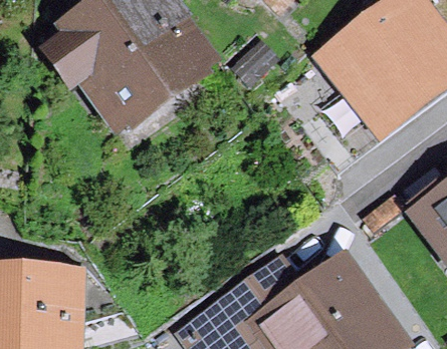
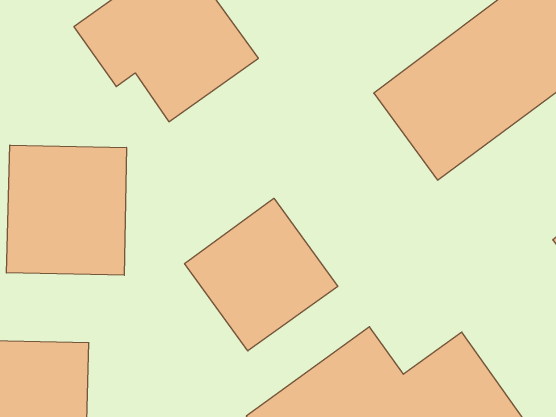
building: none -> [6,145,126,275]
building: none -> [185,198,338,351]

